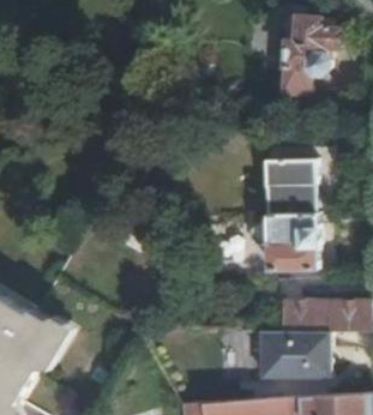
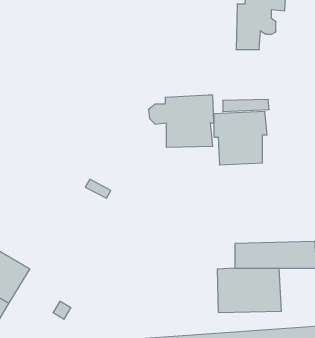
building: [247,215,318,271] -> [148,95,214,147]

